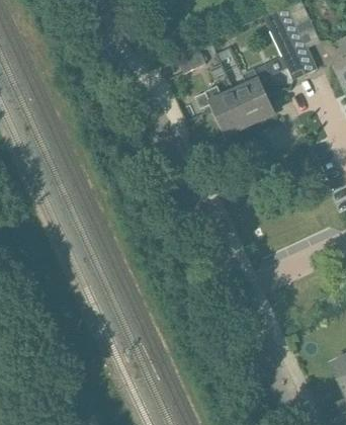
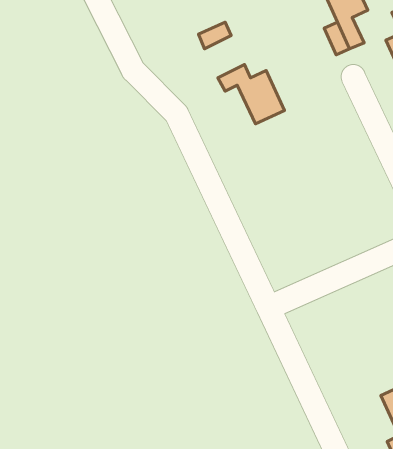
building: [235,63,274,122] -> none

